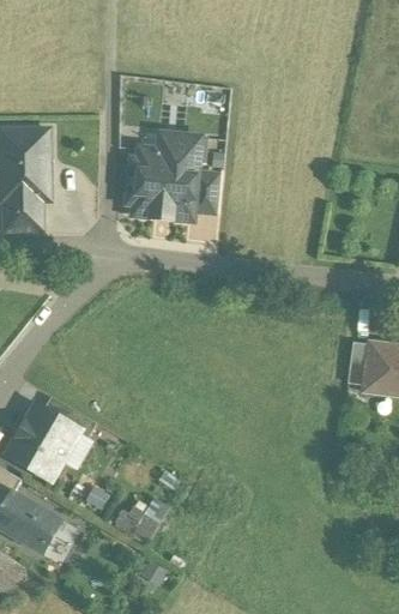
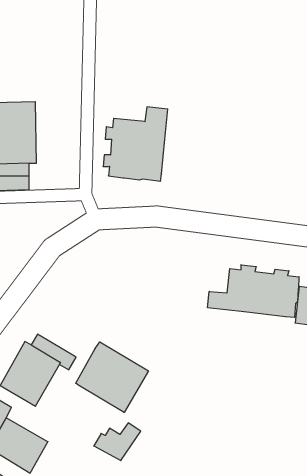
building: [194,171,218,212] -> none
building: none -> [208,265,299,317]
building: none -> [76,342,148,412]

